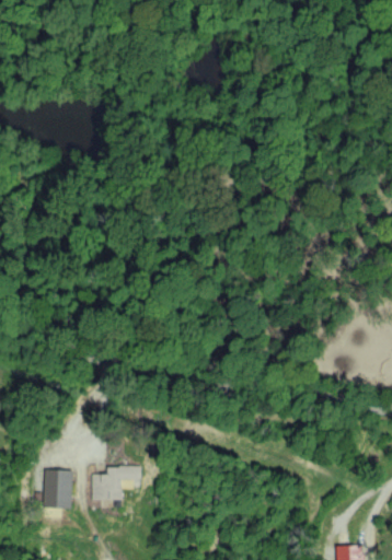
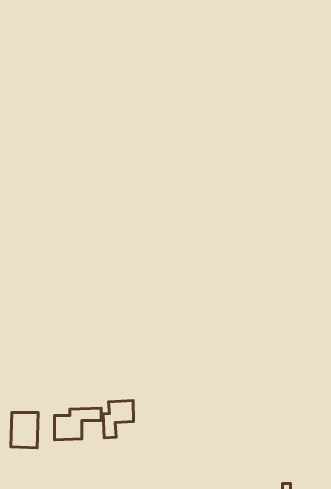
building: none -> [103,400,134,438]

